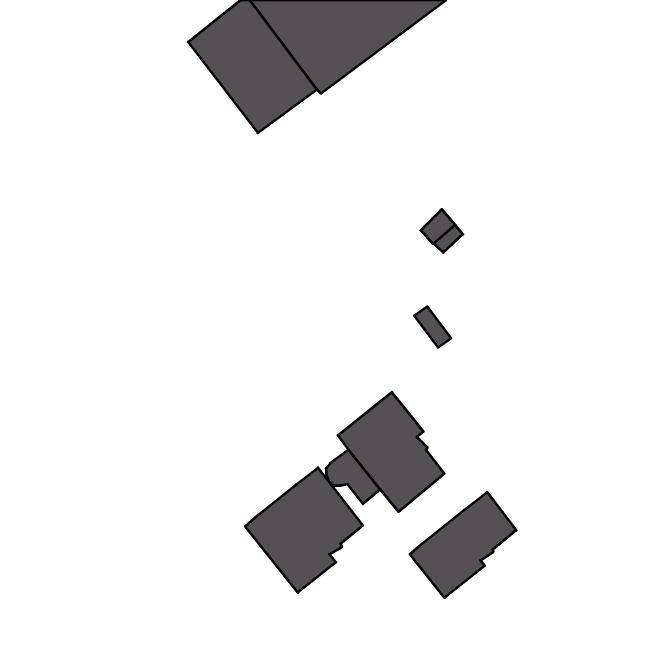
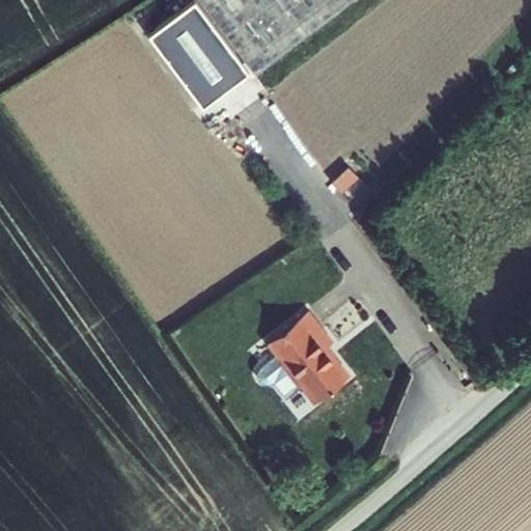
building: [245,468,363,593] -> none
building: [410,492,516,598] -> none

